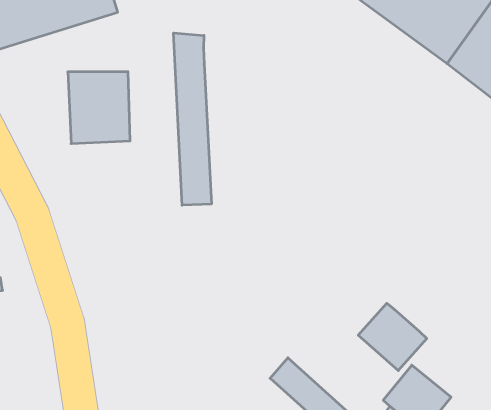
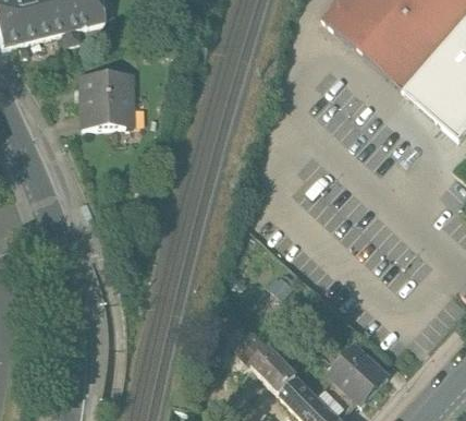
building: [174,33,211,205] -> none
building: [358,303,427,371] -> none

